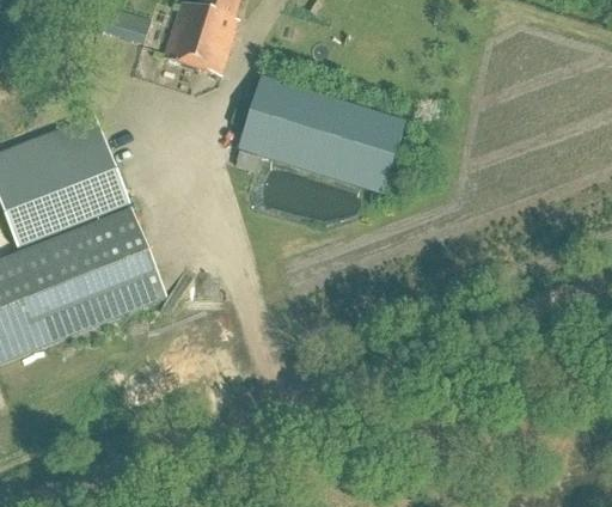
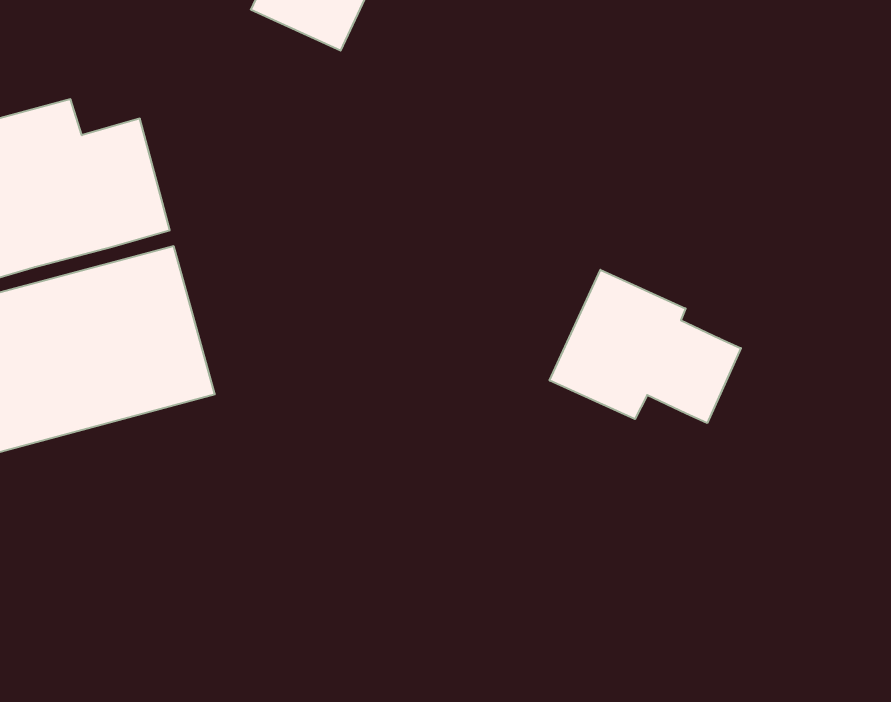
building: [238,75,405,194] -> none
building: none -> [550,270,741,423]

